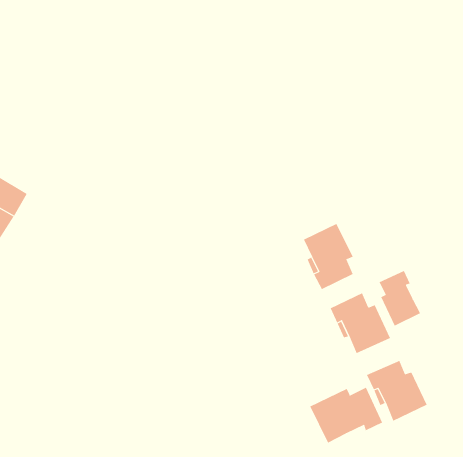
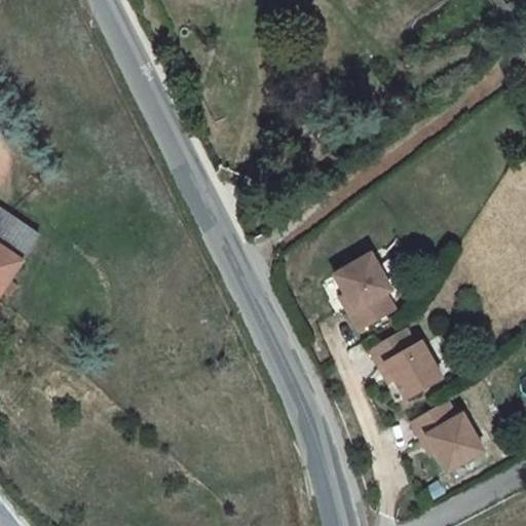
building: [379,270,421,327] -> none
building: [309,387,383,443] -> none

